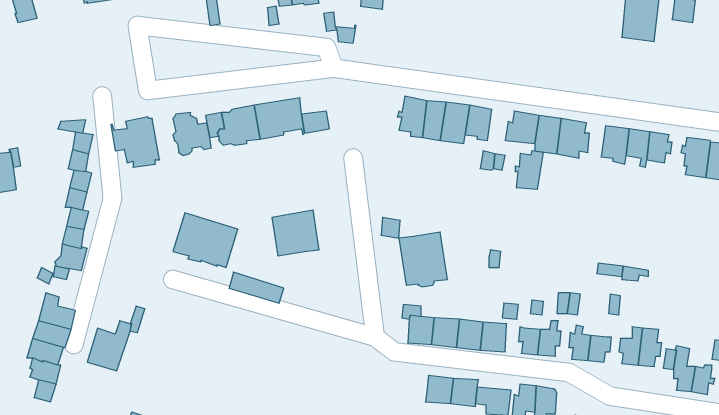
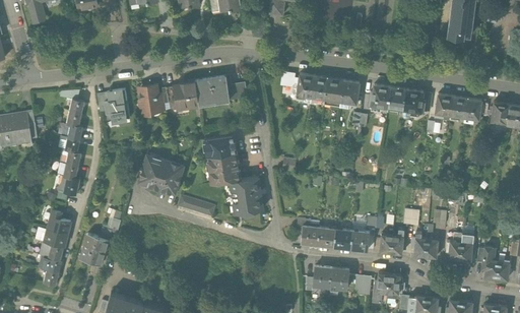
building: [515,151,543,189] -> none
building: none -> [205,136,236,159]
building: [399,232,448,287] -> [230,178,263,215]

